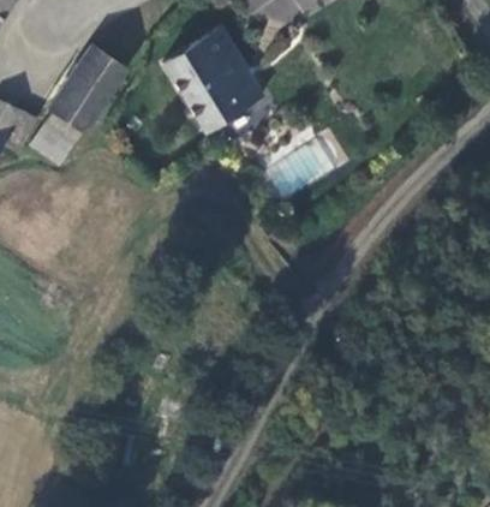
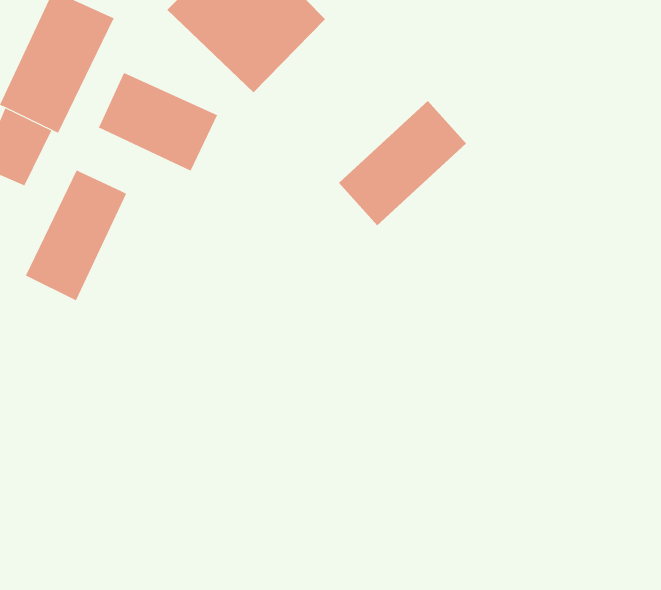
building: none -> [98,72,218,172]
building: none -> [25,170,127,301]

